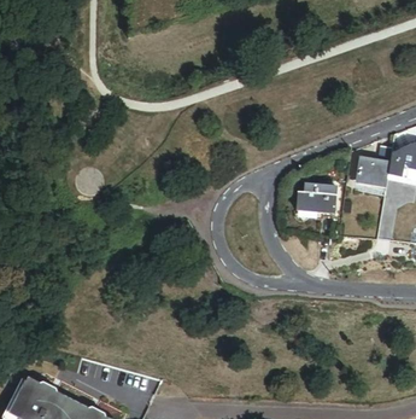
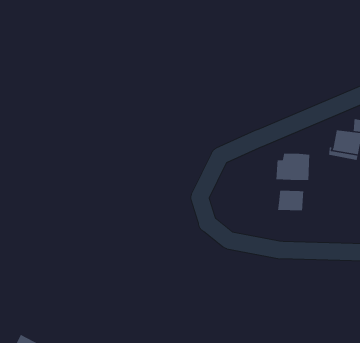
building: none -> [277,190,304,211]

